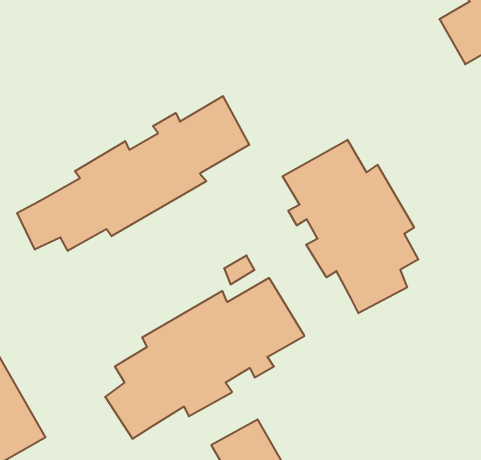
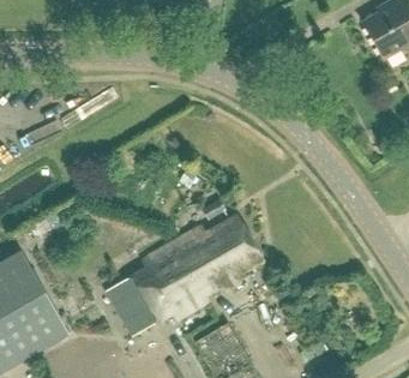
building: [17,96,249,251] -> none
building: [282,140,418,313] -> none

